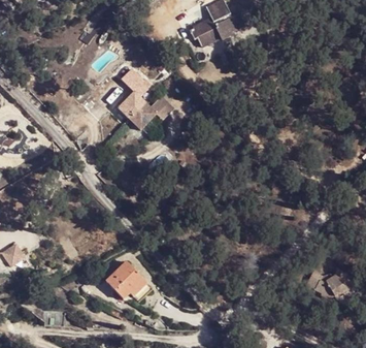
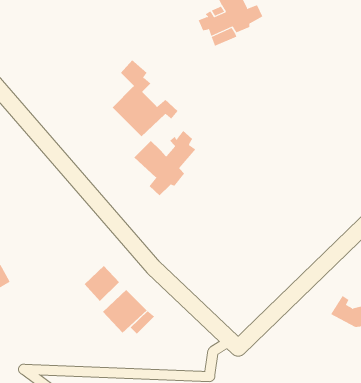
building: none -> [133,130,196,196]
building: none -> [84,265,120,302]

